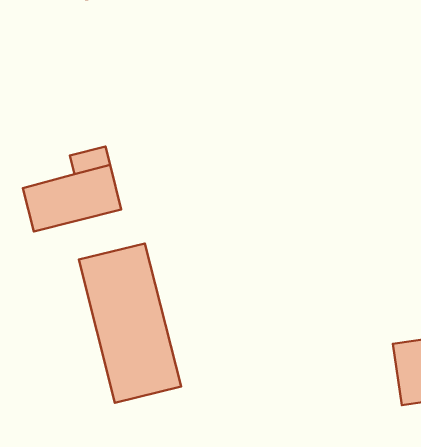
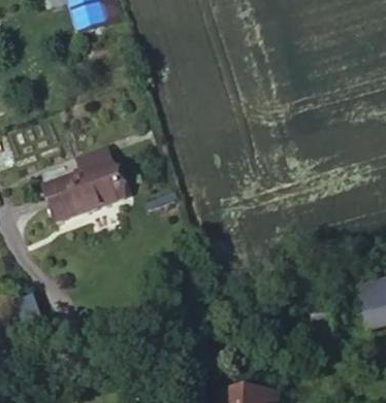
building: [79,243,181,403] -> none

